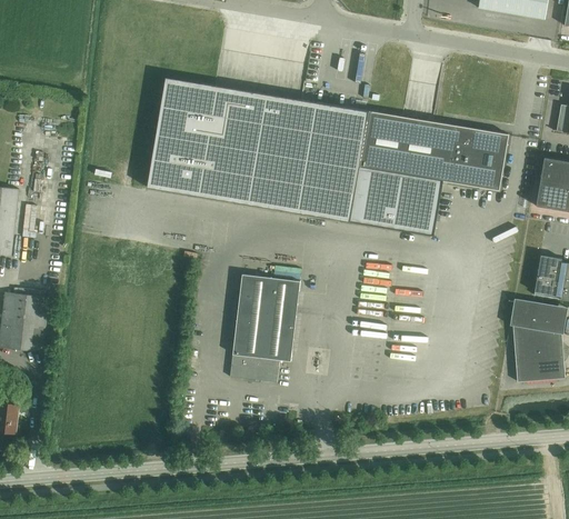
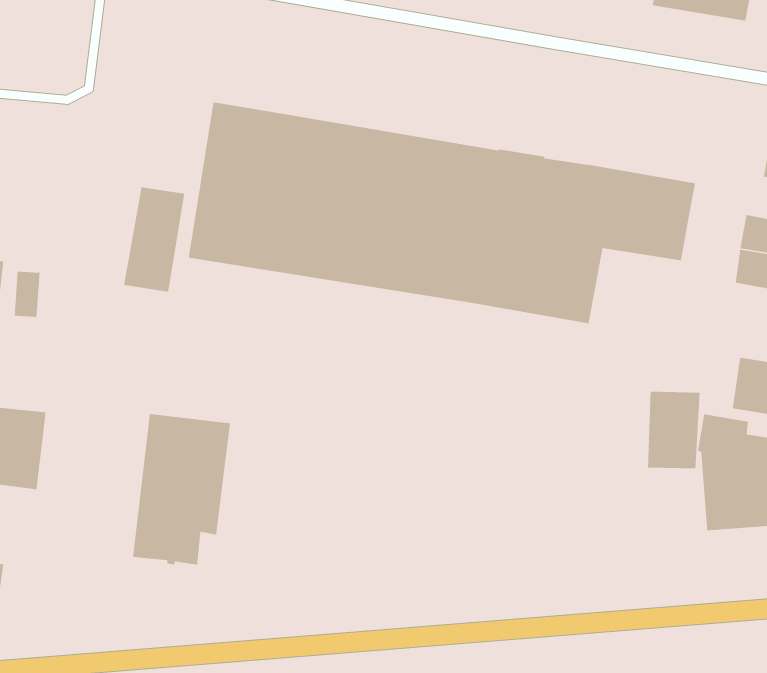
building: none -> [123,187,185,292]
building: [230,275,300,382] -> [132,413,231,565]
building: none -> [647,391,701,469]

